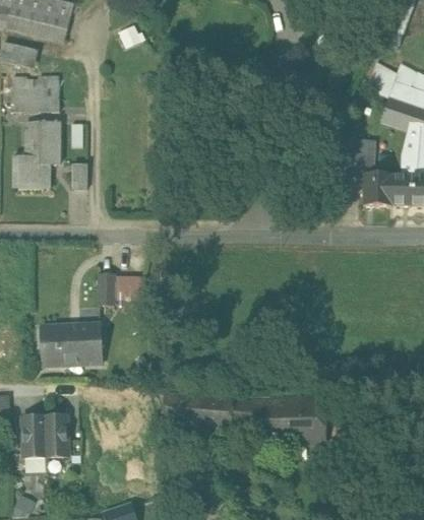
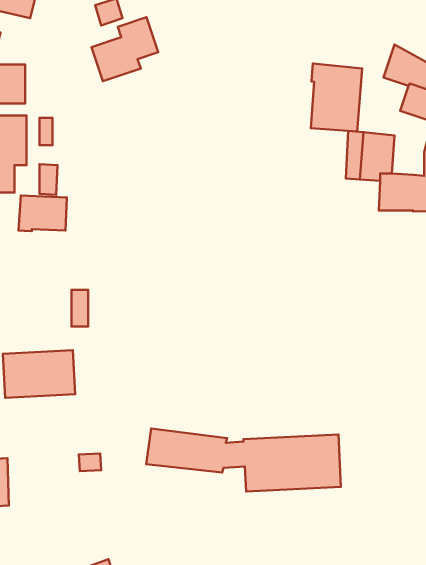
building: none -> [92,17,158,81]
building: none -> [311,63,362,132]
building: none -> [19,196,67,231]
building: [113,273,144,297] -> none
building: [44,414,67,456] -> none

